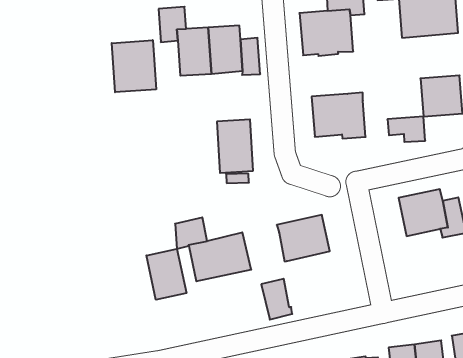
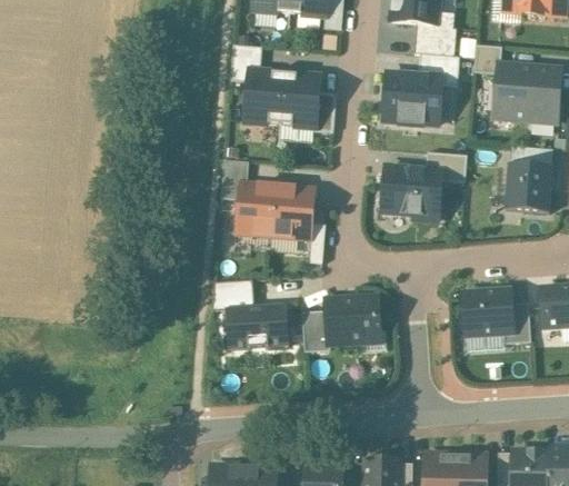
building: [112,40,156,92] -> none
building: [387,117,425,142] -> [426,153,467,184]
building: none -> [234,175,278,236]
building: [146,249,186,300] -> none
building: [261,279,292,320] -> [301,311,330,354]

